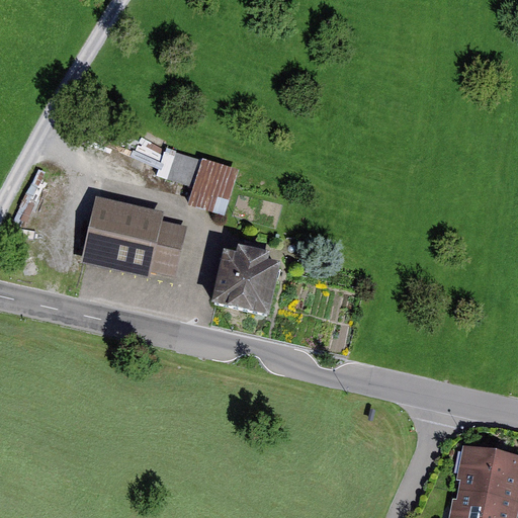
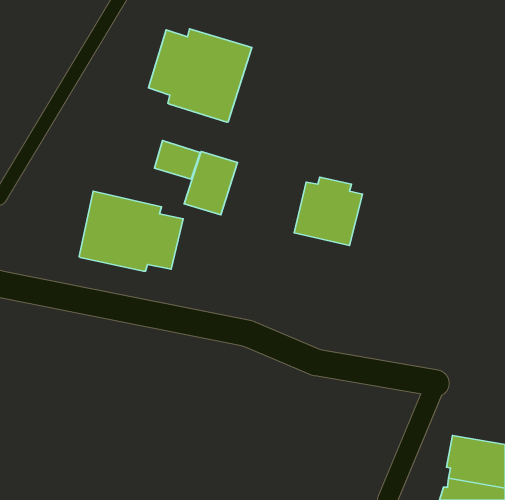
building: none -> [148,29,252,122]
building: [211,247,281,317] -> [294,177,362,246]

